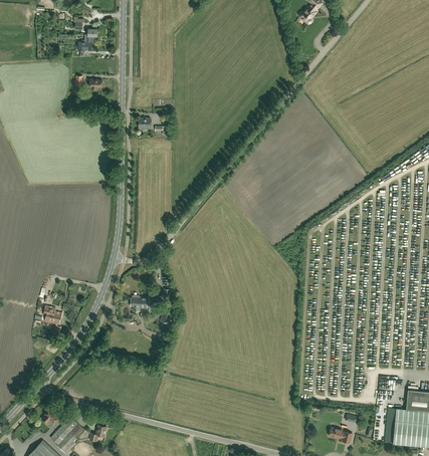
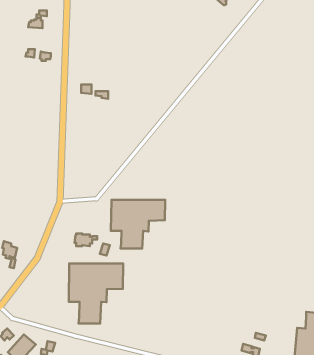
building: none -> [111,200,165,249]
building: none -> [69,264,123,324]

